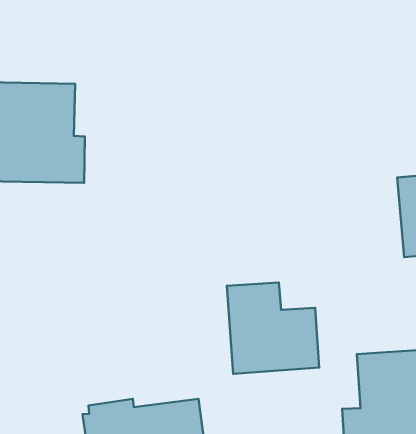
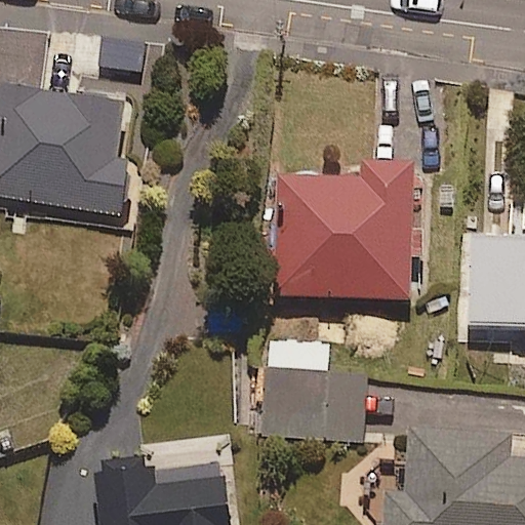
building: none -> [276,158,425,296]

